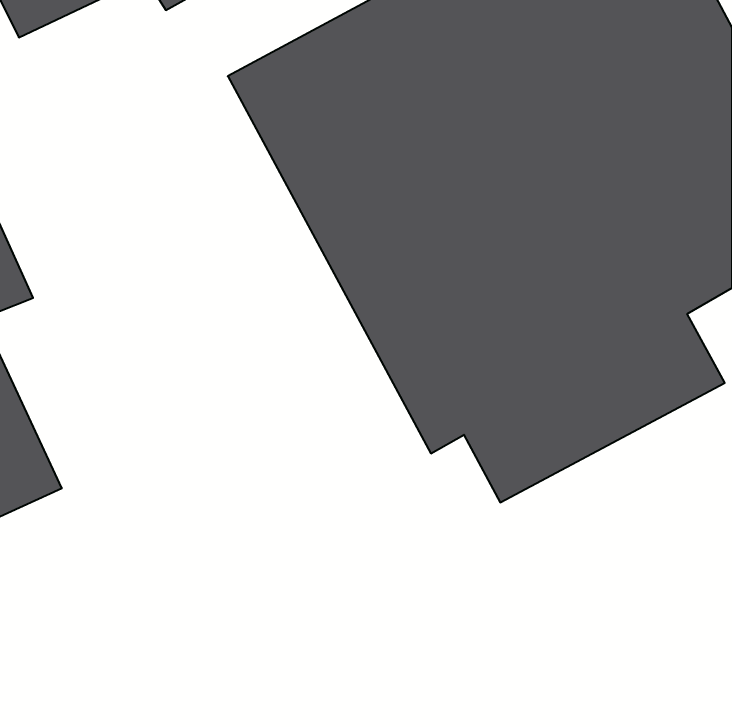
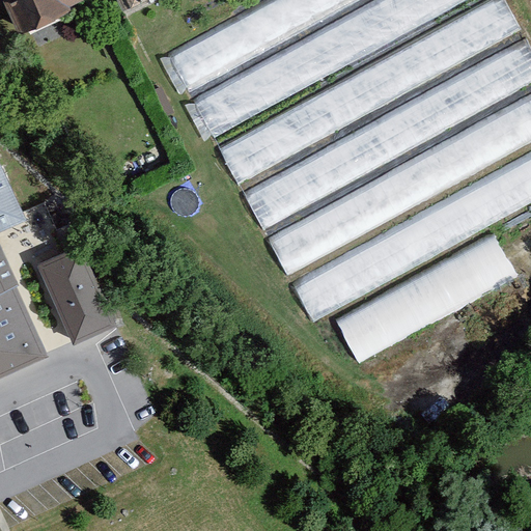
building: none -> [34,241,114,340]

